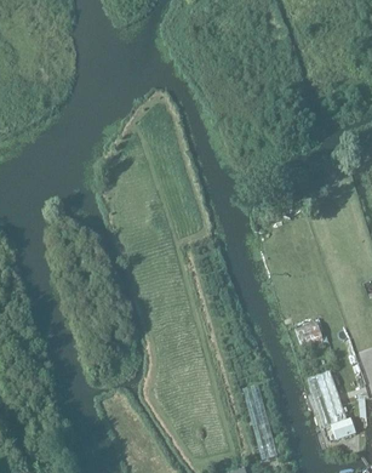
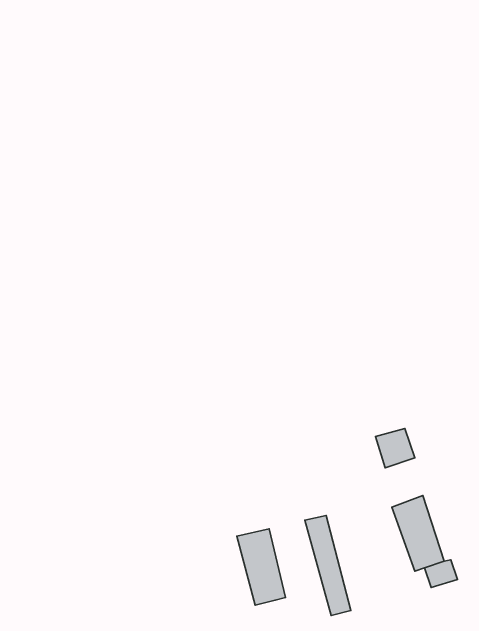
building: none -> [237,529,285,605]

